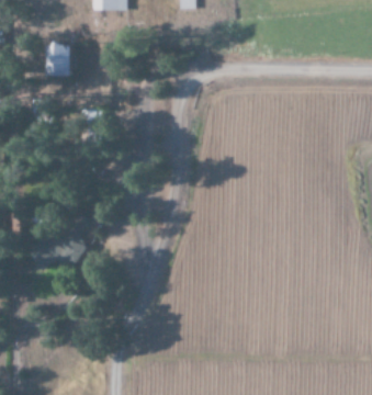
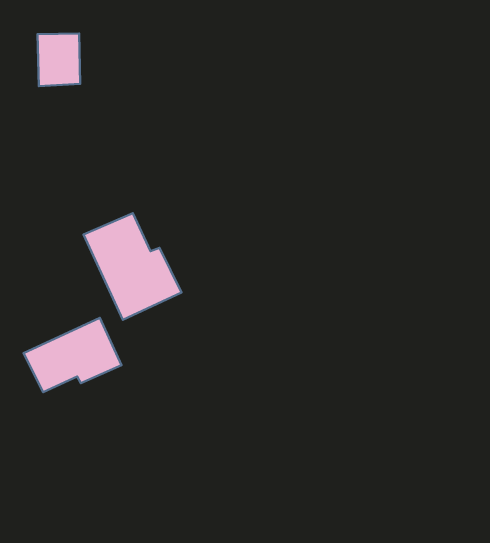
building: none -> [83,213,182,320]

